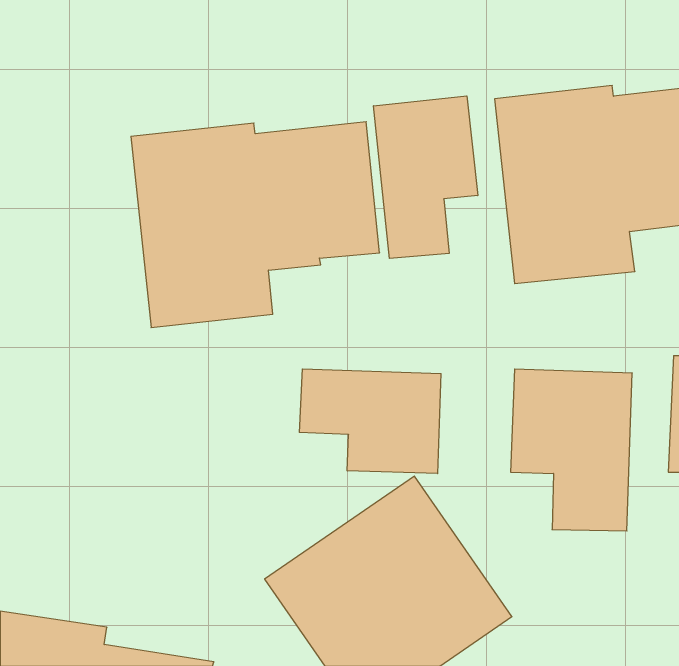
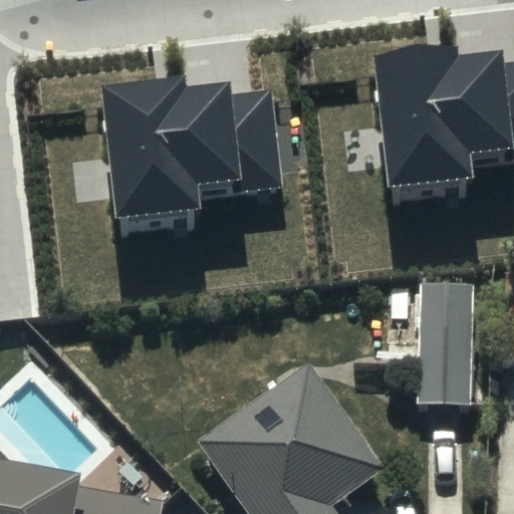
building: [374,96,478,258] -> none
building: [299,369,441,474] -> none

